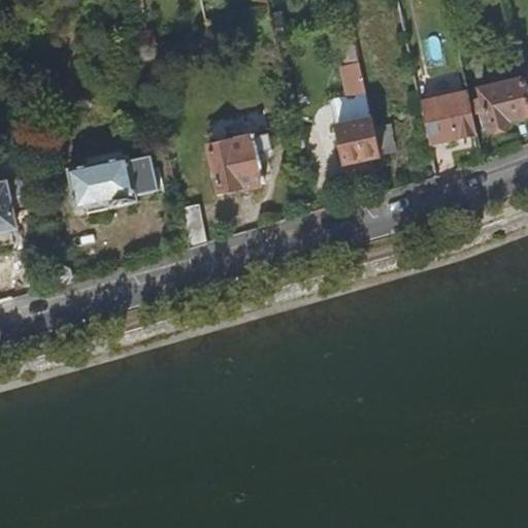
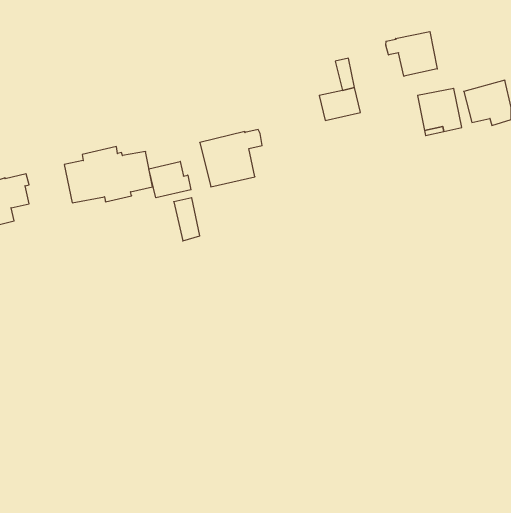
building: none -> [386,32,437,76]
building: [334,116,377,160] -> none
building: none -> [149,161,191,198]

